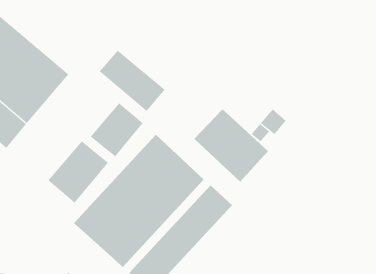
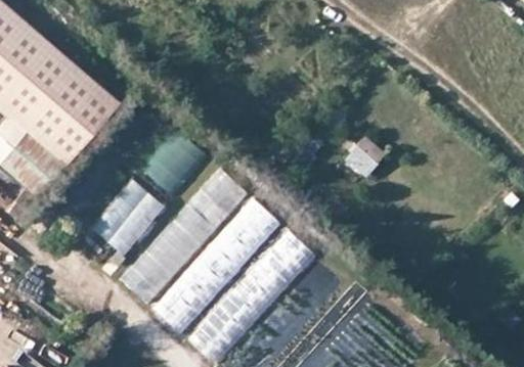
building: [99,50,165,112] -> none
building: [193,109,269,183] -> none

